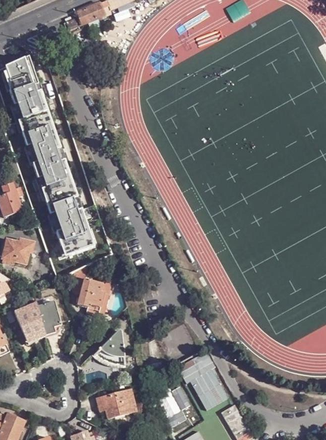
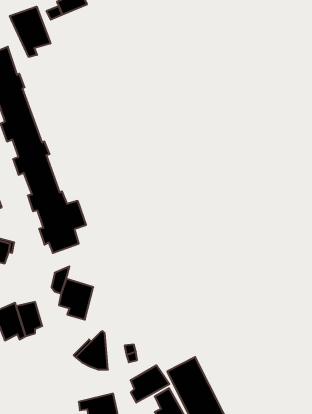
building: none -> [10,7,50,57]
building: none -> [131,365,169,403]

